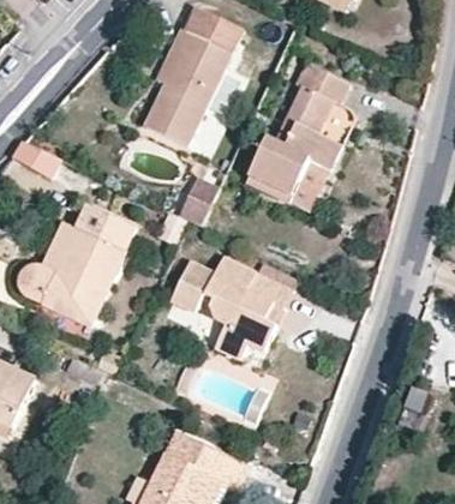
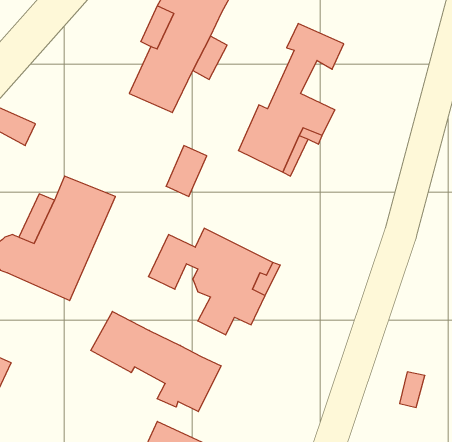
building: none -> [91,311,221,412]

